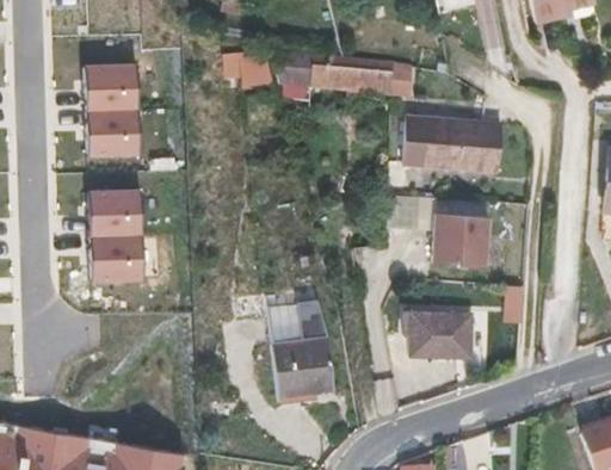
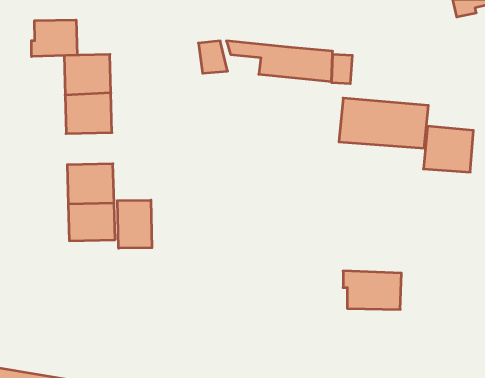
building: none -> [31,20,77,57]
building: [432,215,489,267] -> [423,126,473,172]
building: none -> [117,200,152,248]
building: [267,299,335,401] -> none

